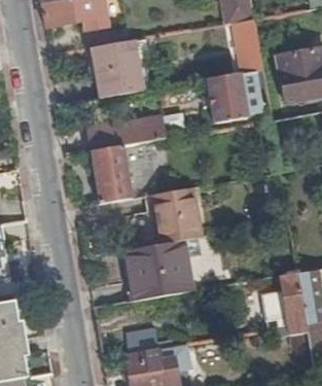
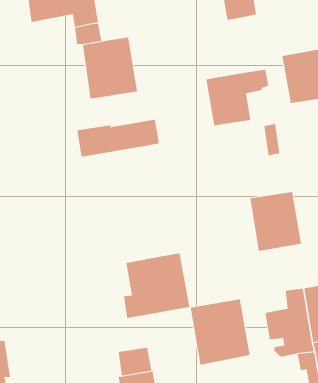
building: [234,20,262,73] -> none
building: [92,141,155,204] -> none
building: [152,188,201,244] -> [249,191,302,252]
building: none -> [190,298,250,366]

